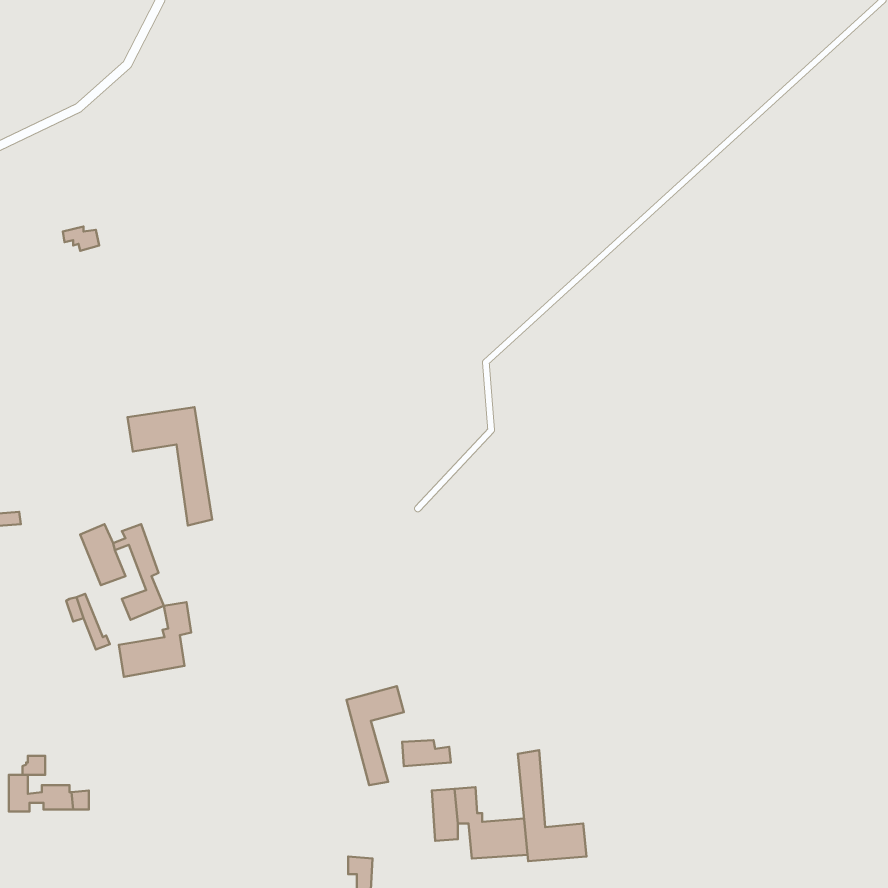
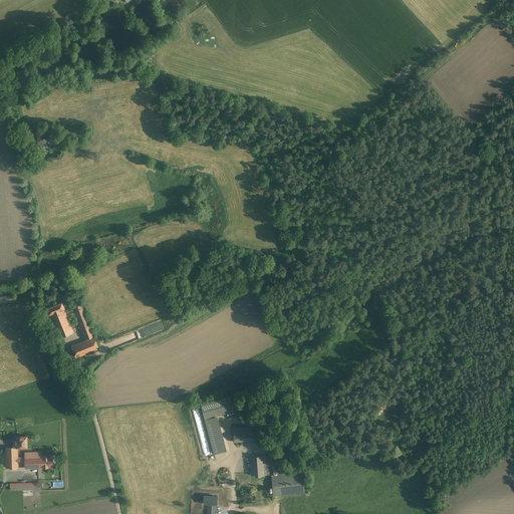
building: [127,407,212,526] -> none
building: [119,602,191,677] -> none
building: [518,750,586,861] -> none

